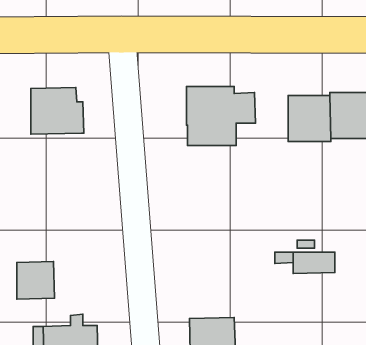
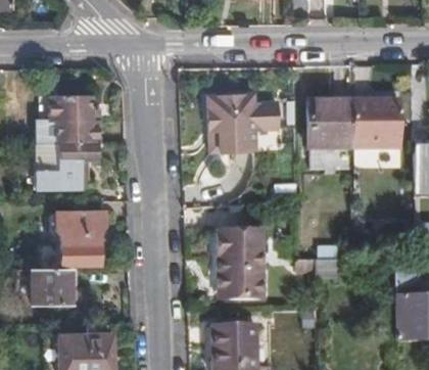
building: none -> [42,140,102,187]
building: none -> [60,214,107,261]
building: none -> [217,231,263,299]

